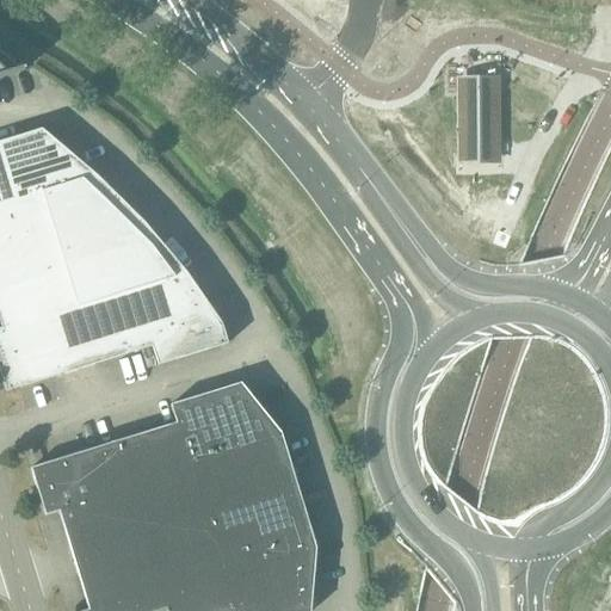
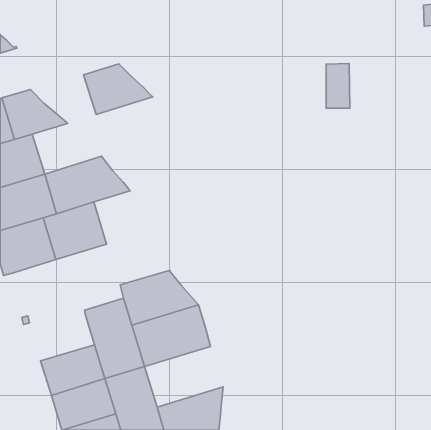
building: [47,174,144,246] -> [83,64,153,115]
building: [134,270,228,363] -> none
building: [30,438,135,513] -> none
building: [205,489,316,575] -> none

